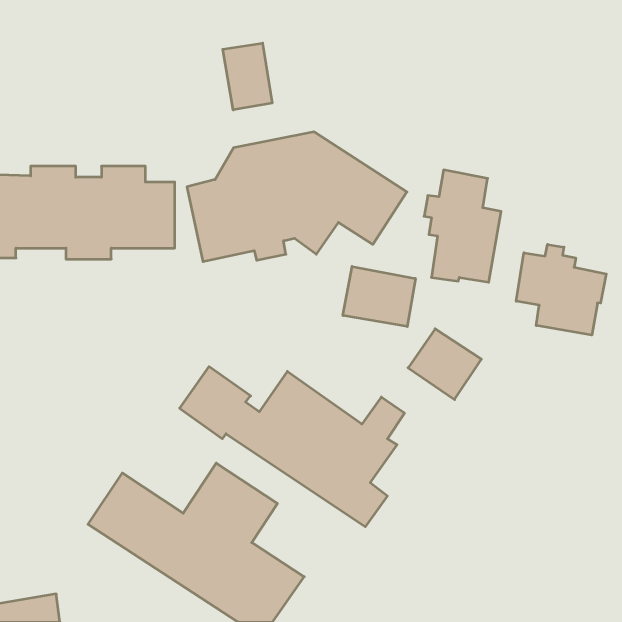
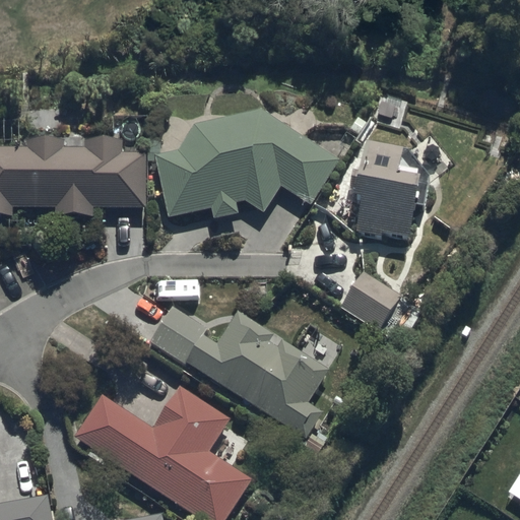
building: [223,43,272,110] -> none
building: [516,244,606,335] -> none
building: [343,266,415,327] -> none

